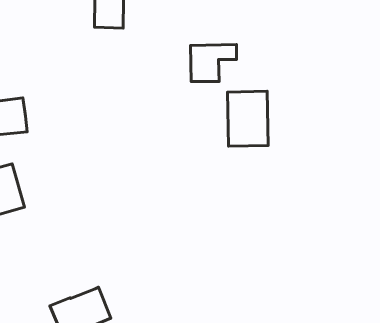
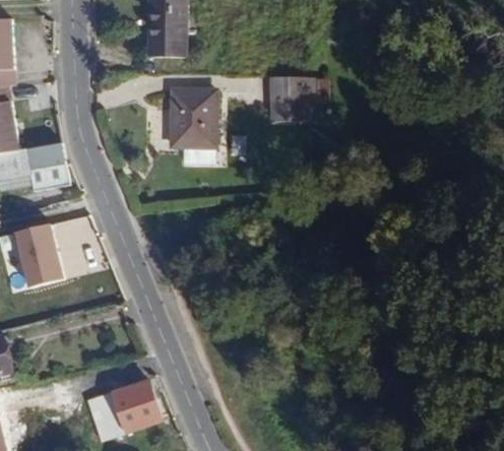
building: none -> [172,88,217,147]
building: [228,91,268,146] -> none

